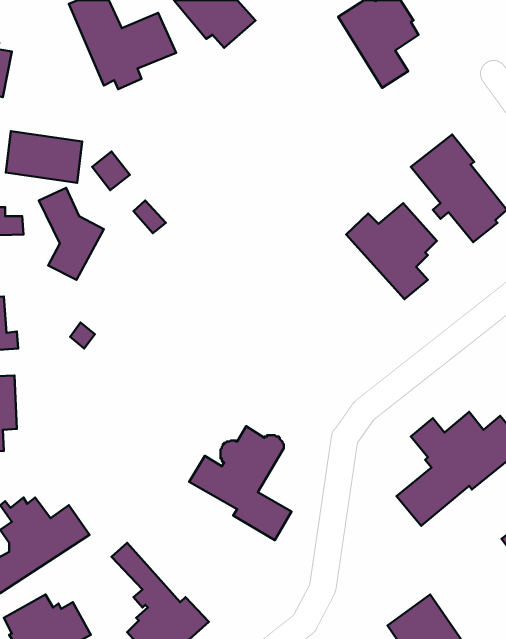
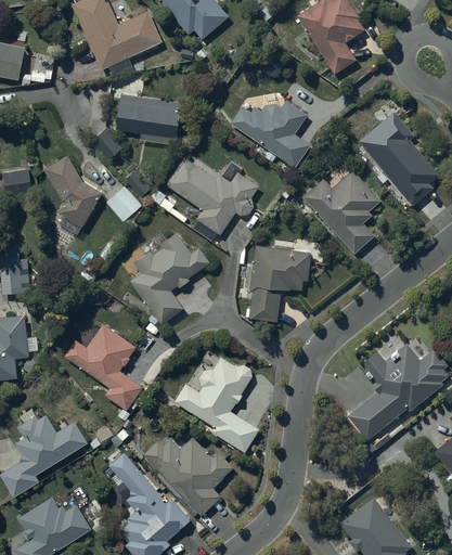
building: none -> [230,101,311,168]
building: [6,131,82,183] -> [117,94,181,138]
building: none -> [167,158,259,235]
building: none -> [107,186,142,221]
building: none -> [130,234,210,323]
building: none -> [250,246,310,320]
building: none -> [65,324,144,411]
building: none -> [143,438,236,515]

